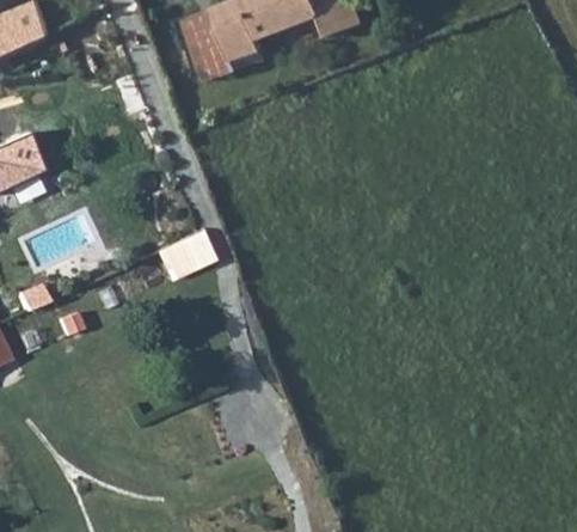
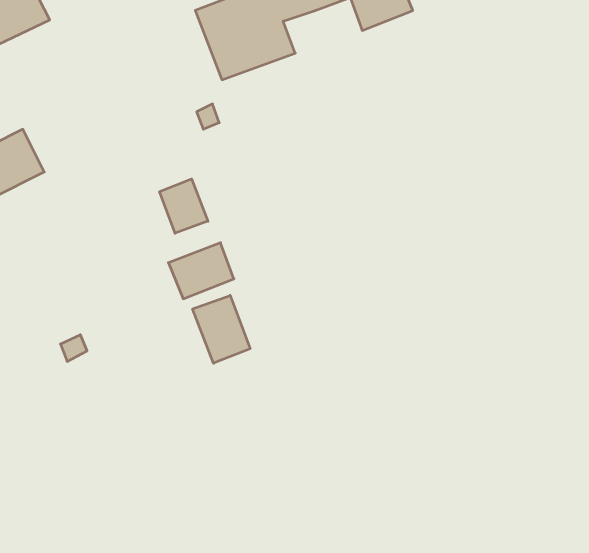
building: none -> [160,179,208,233]
building: none -> [193,295,250,363]

